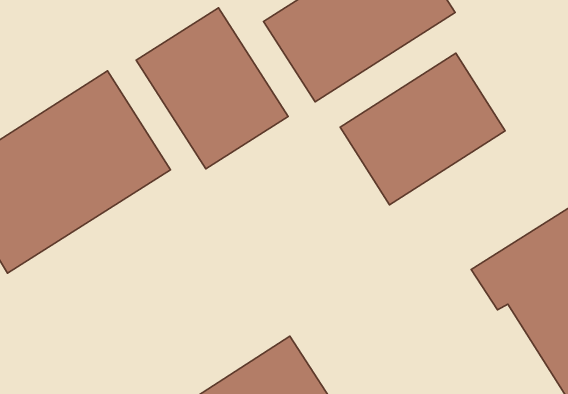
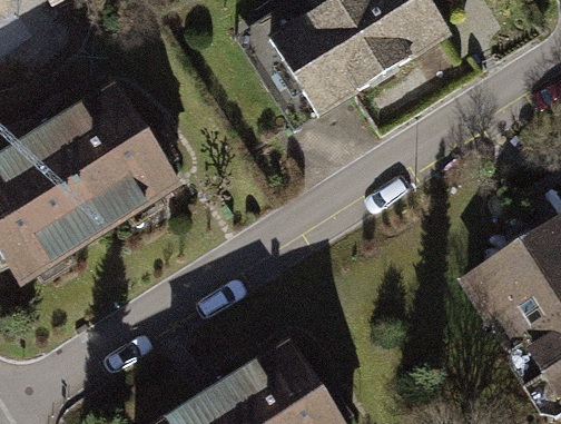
building: [136,8,288,169] -> none
building: [340,53,505,205] -> none

